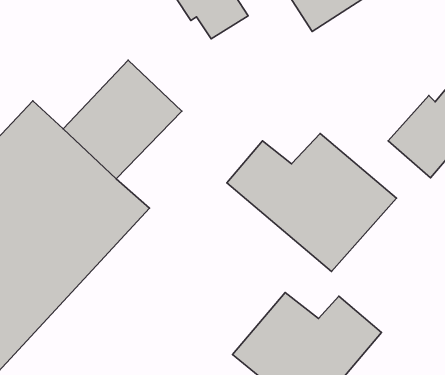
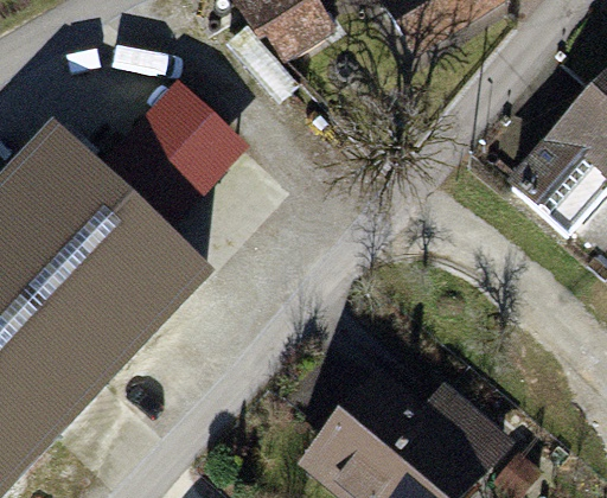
building: [227,134,396,271] -> none

